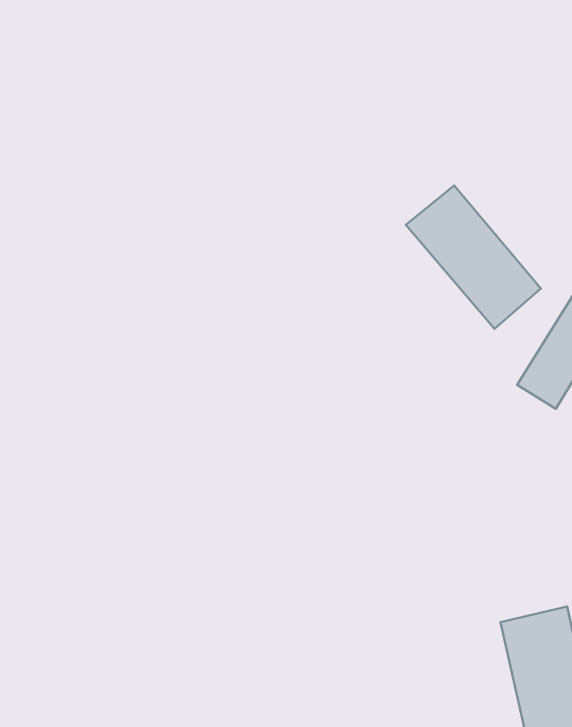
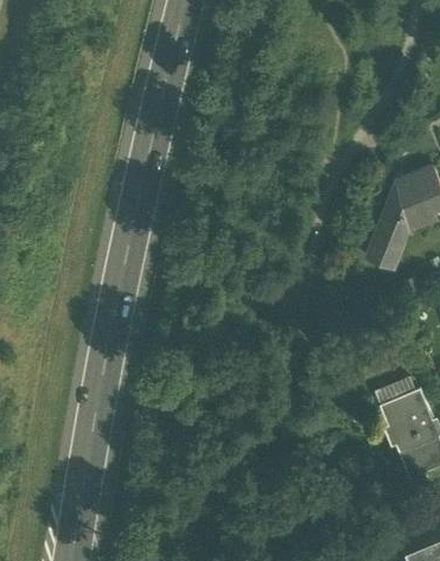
building: [406,186,541,329] -> none

